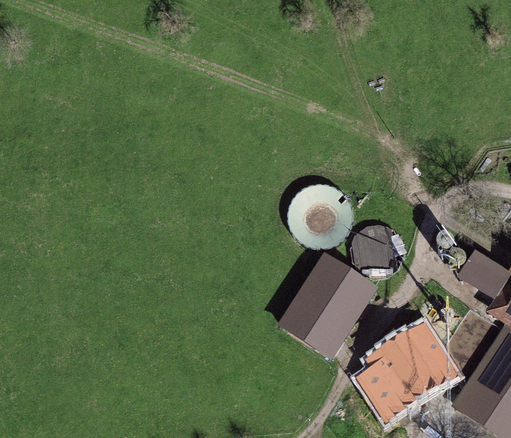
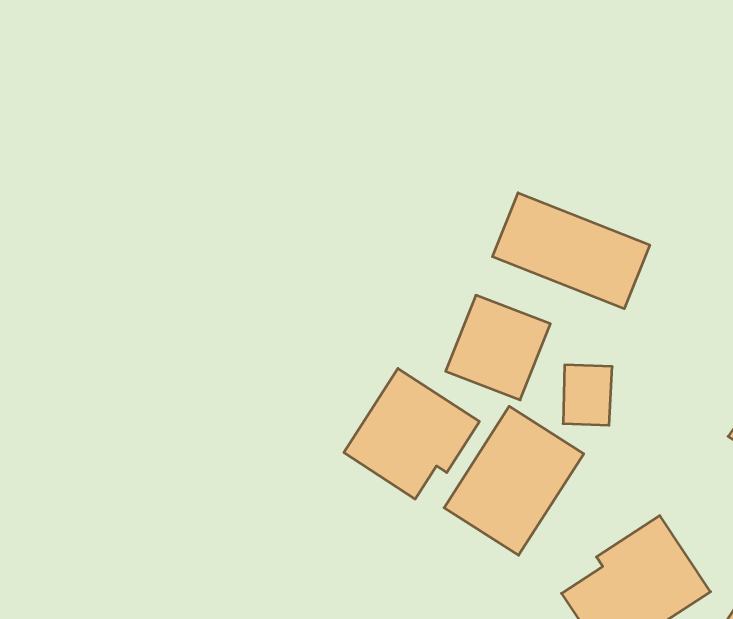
building: none -> [492,193,650,309]
building: none -> [344,368,479,499]

